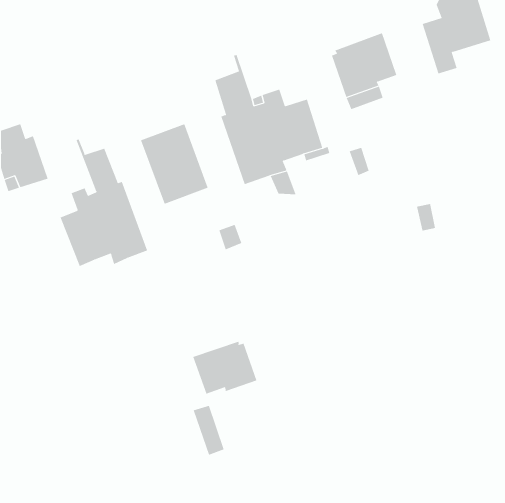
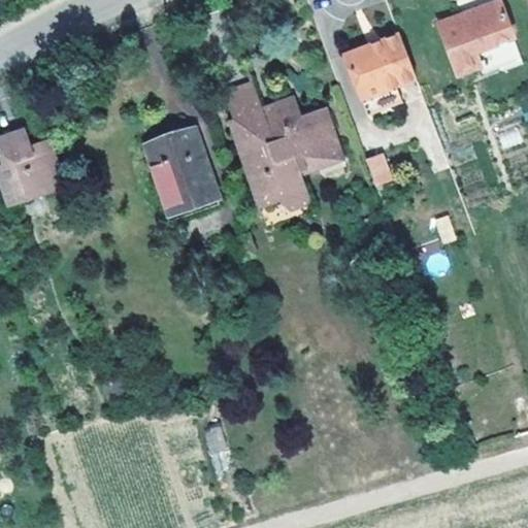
building: [60,138,148,267] -> none
building: [193,341,257,395] -> none

